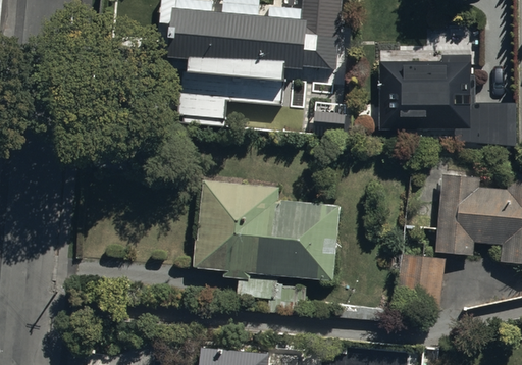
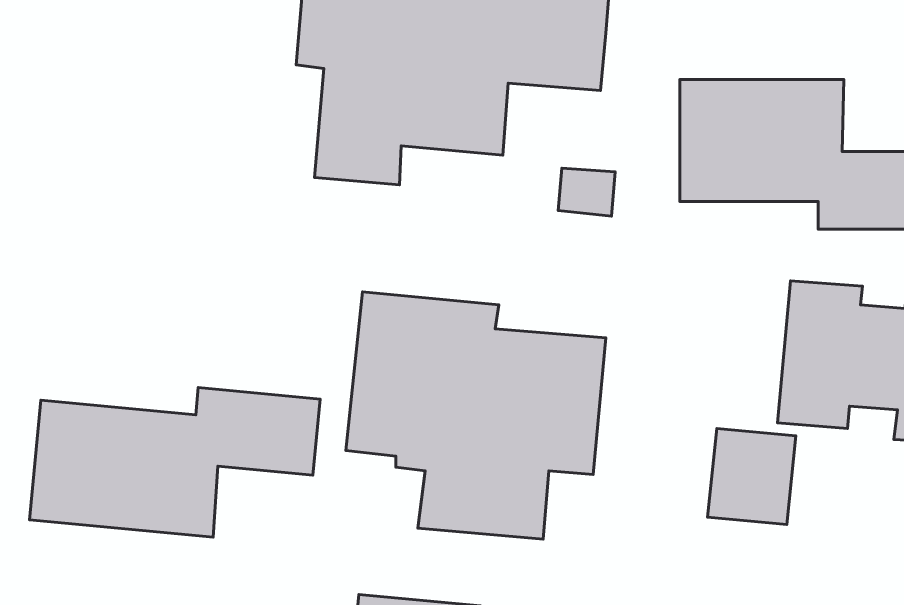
building: none -> [30,388,320,537]

